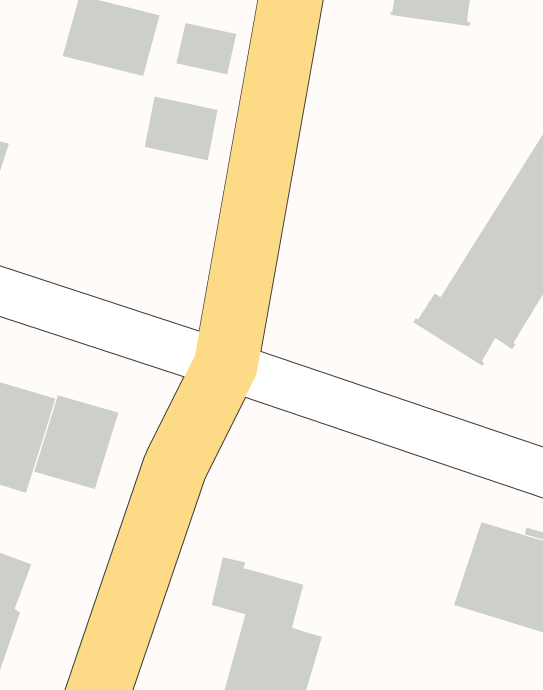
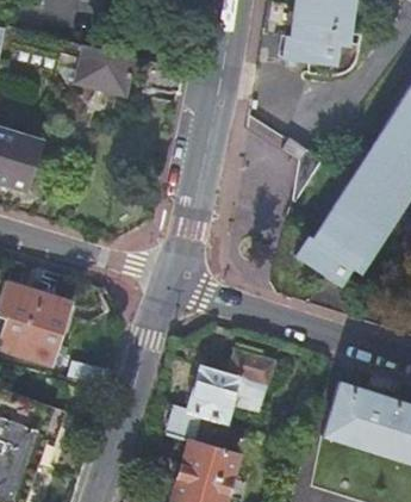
building: [144,96,218,161] -> none
building: [33,394,119,490] -> none
building: none -> [189,341,276,423]

